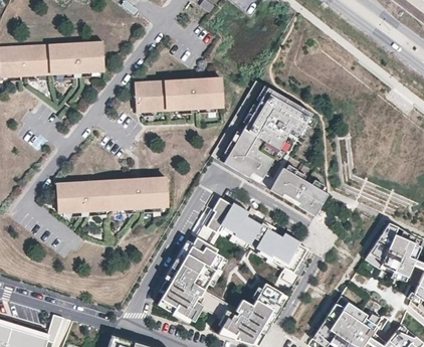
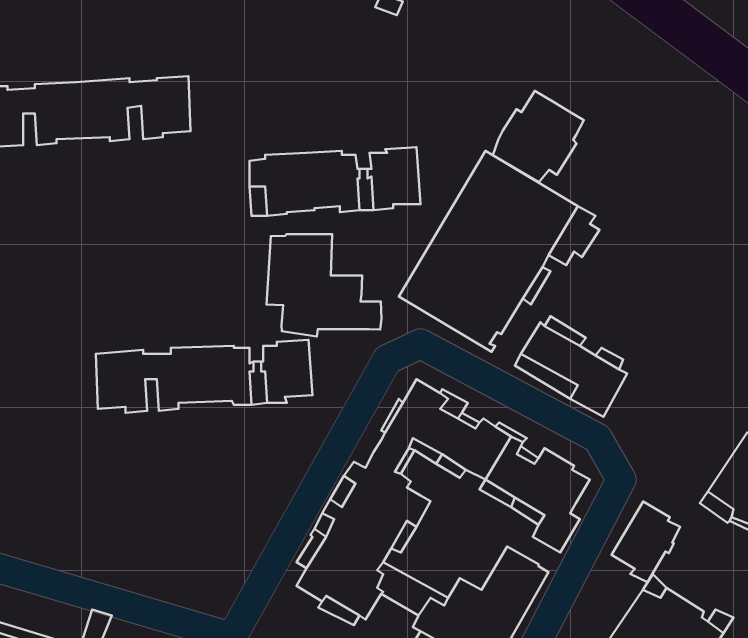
building: none -> [493,91,584,182]
building: none -> [267,234,382,336]
building: none -> [611,501,680,582]

